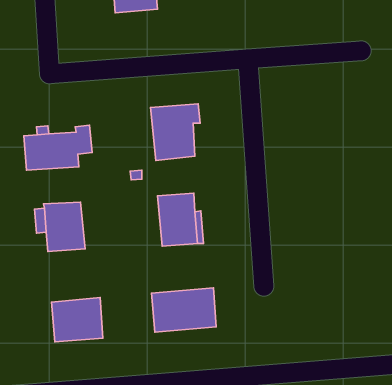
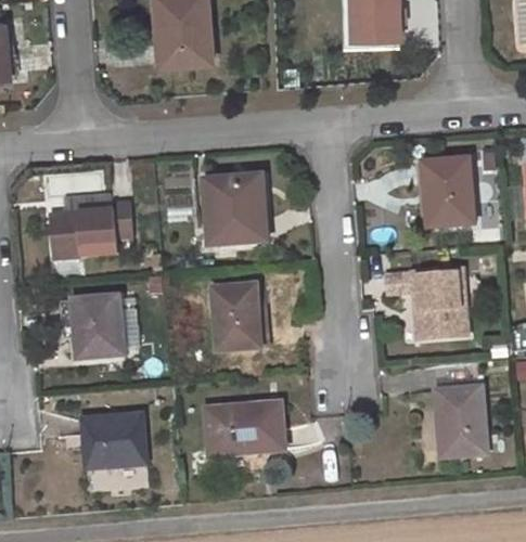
building: none -> [422,159,474,227]
building: none -> [385,269,467,339]
building: none -> [435,386,486,456]

